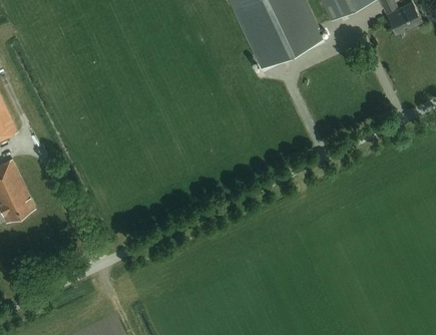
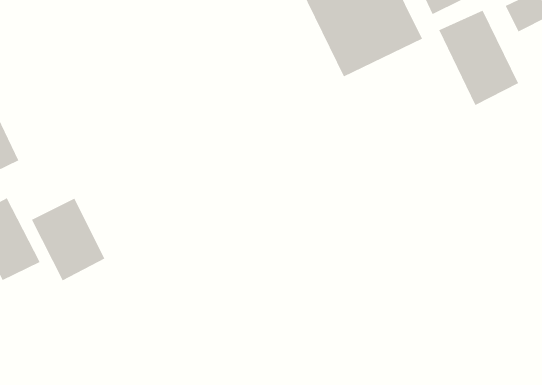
building: none -> [439,10,519,106]
building: none -> [31,198,105,281]

